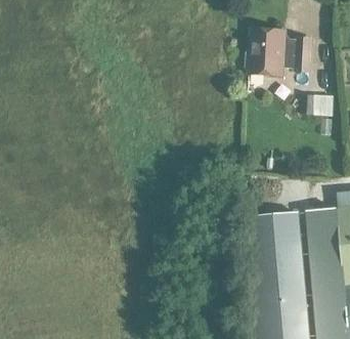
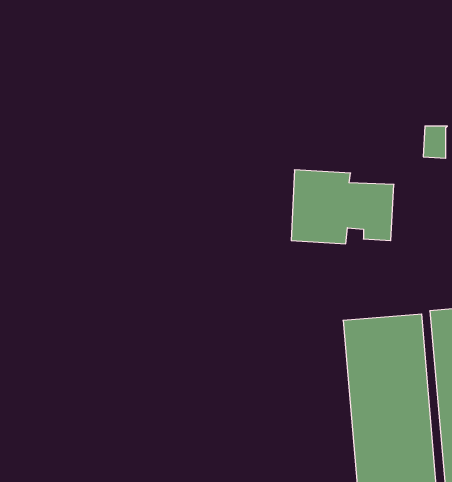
building: [249,29,314,76] -> [291,170,394,244]

